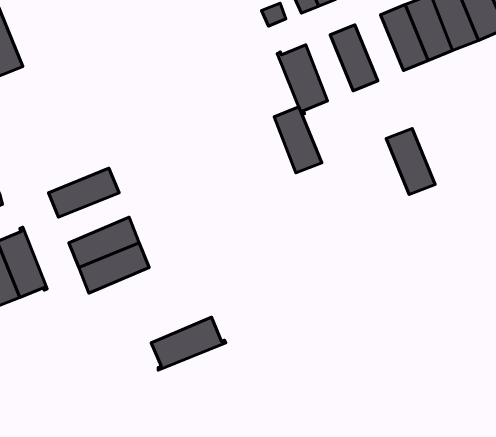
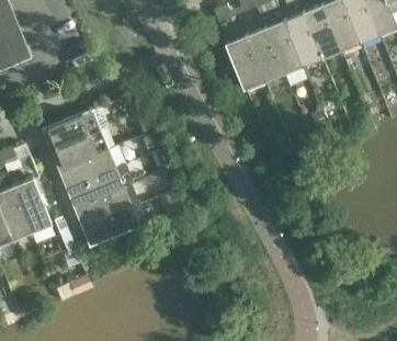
building: [274,107,322,173] -> [247,30,283,80]
building: [386,129,435,195] -> [284,14,321,65]
building: none -> [39,110,97,150]
building: none -> [58,150,112,189]
building: [151,317,226,370] -> [81,207,138,248]

